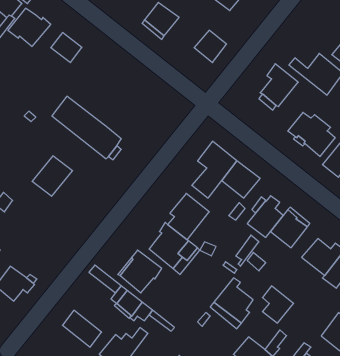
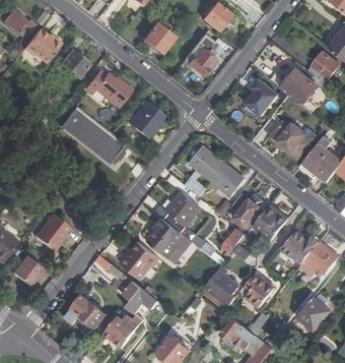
building: none -> [84,69,132,107]
building: none -> [128,101,162,138]
building: [32,156,73,196] -> [34,214,70,249]

